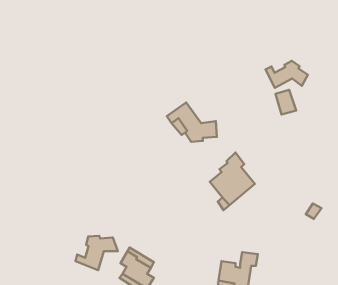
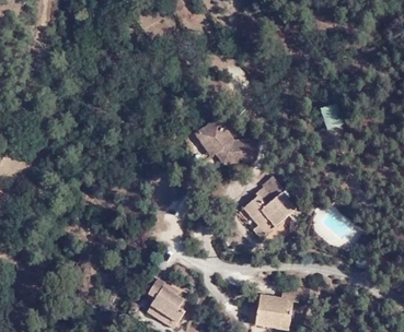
building: [266,61,308,88] -> none
building: [75,236,118,270] -> none

